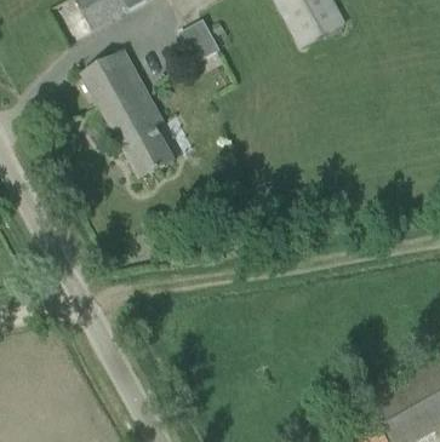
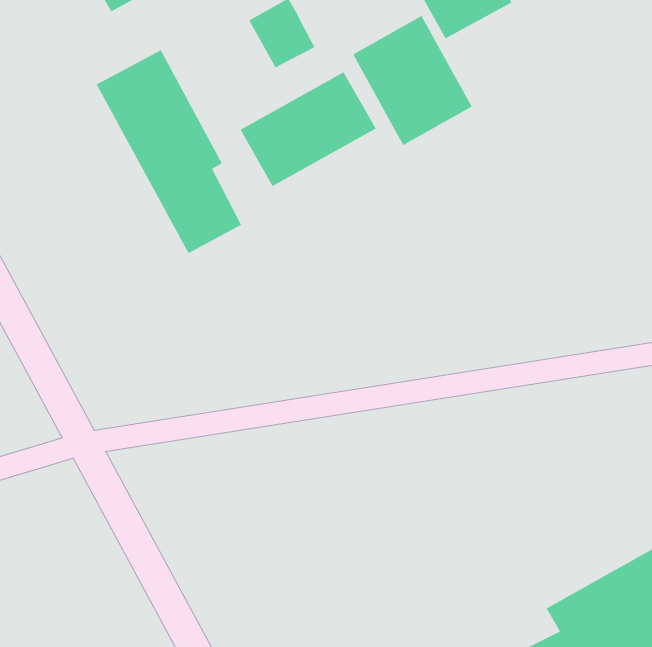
building: none -> [352,15,473,146]
building: none -> [239,71,377,187]

